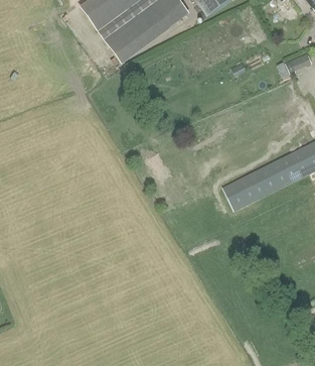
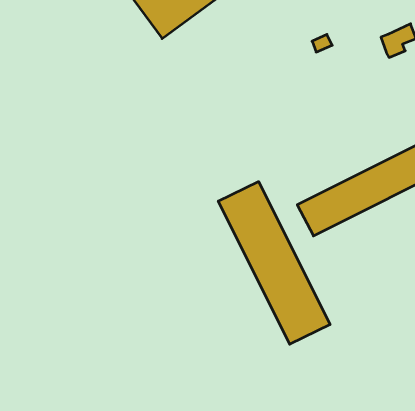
building: none -> [218,182,330,344]

